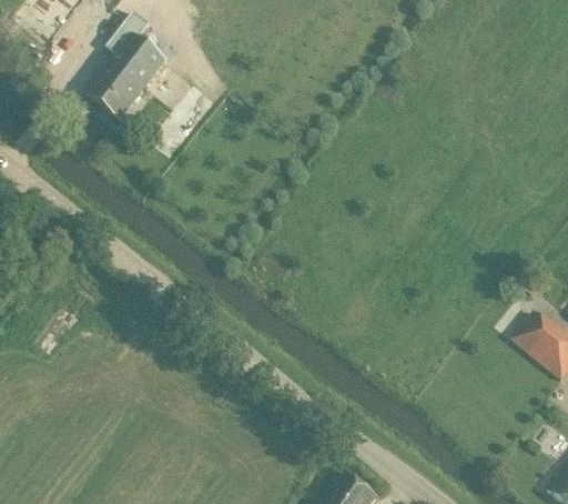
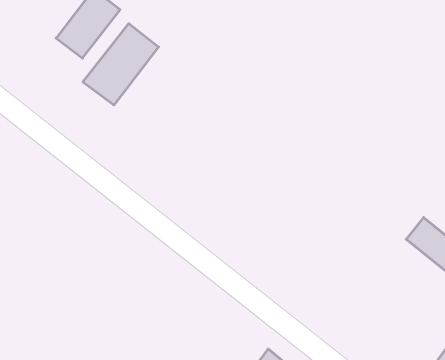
building: none -> [83,24,159,105]

